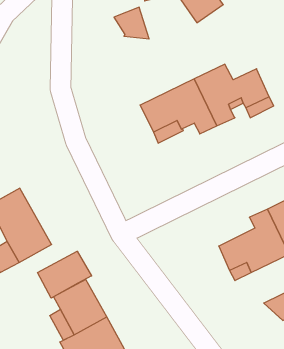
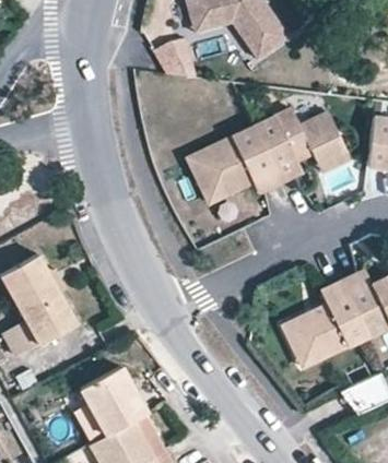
building: [38,251,92,298] -> none

